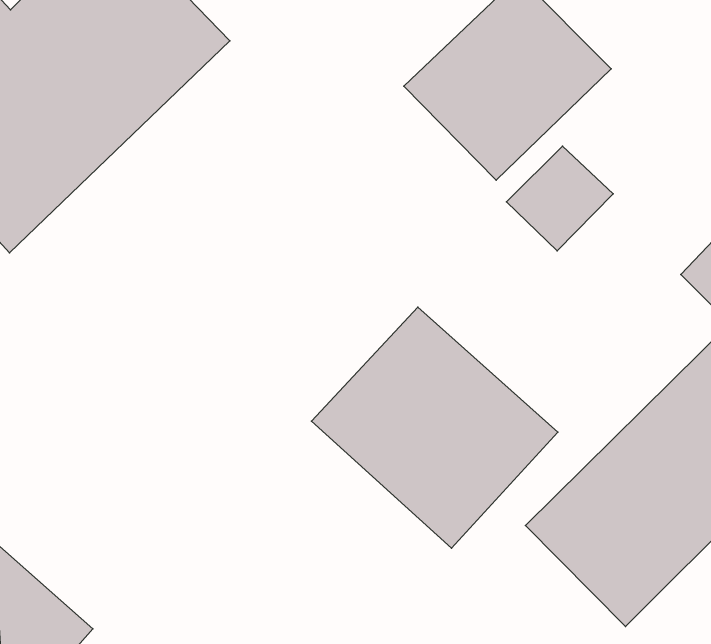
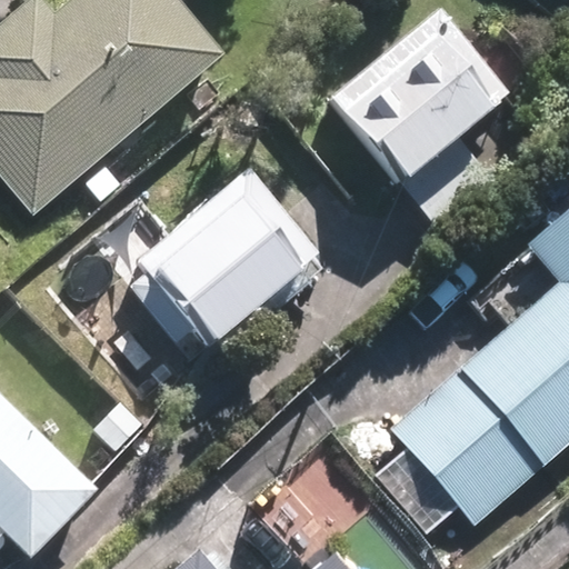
building: none -> [137,180,302,345]
building: [312,307,558,548] -> none

